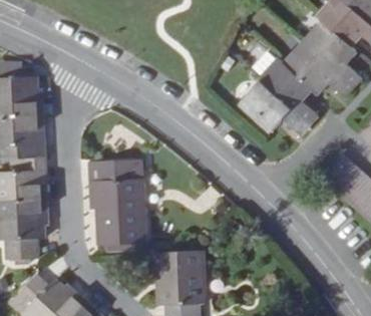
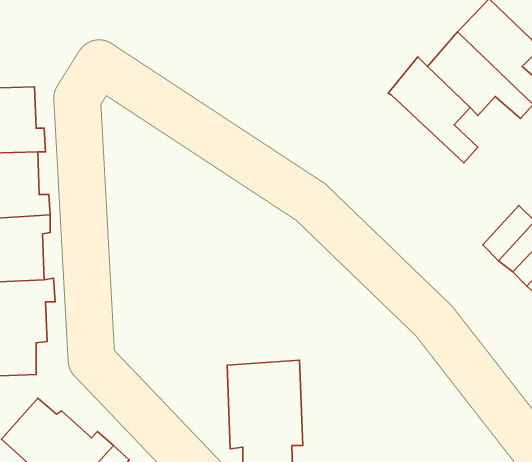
building: [240,81,307,133] -> none
building: [89,165,144,245] -> none

